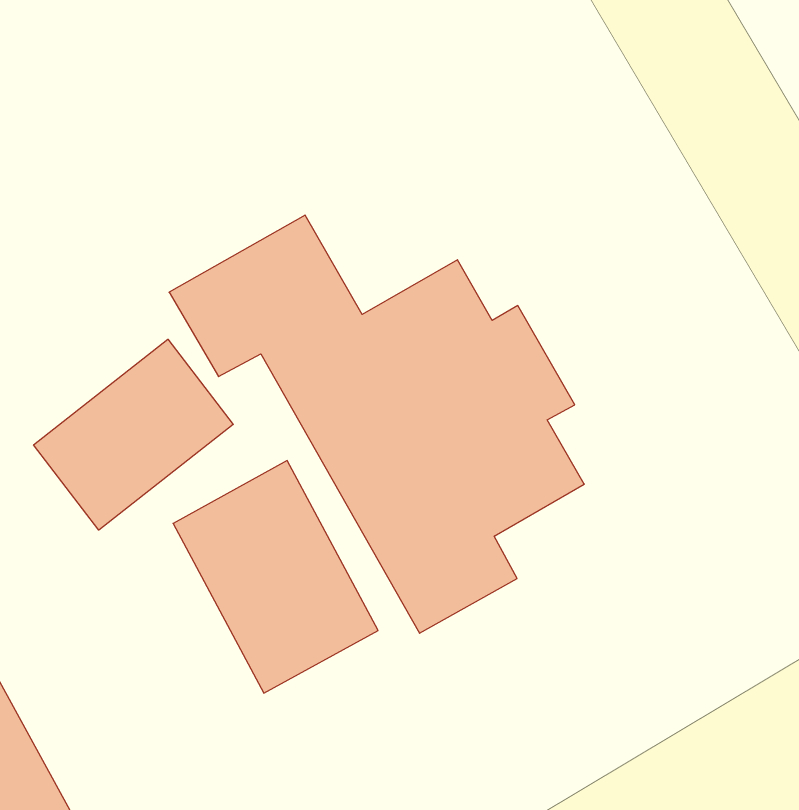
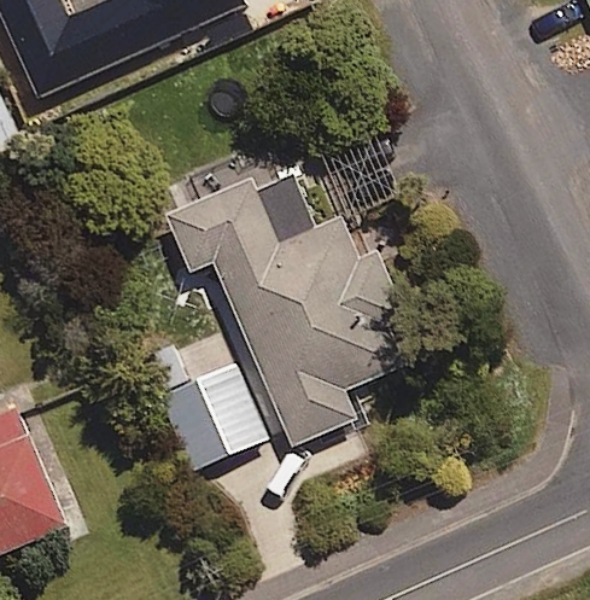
building: [34,339,233,530] -> none

